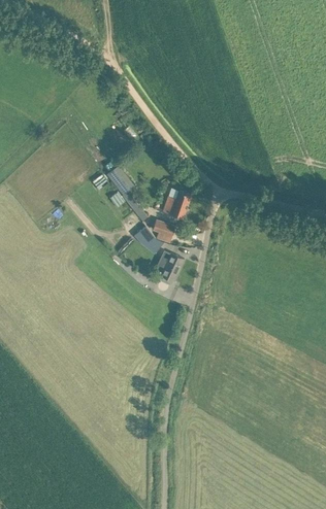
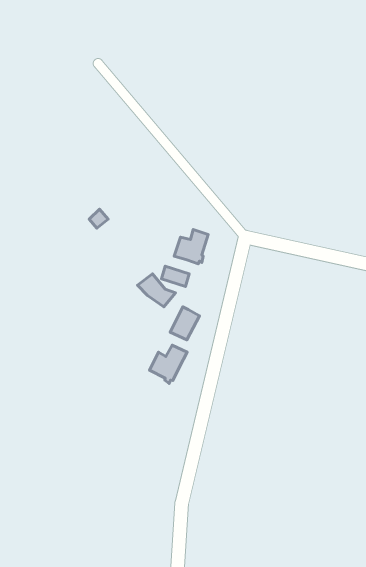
building: [106,165,133,196] -> none
building: none -> [150,345,187,383]

